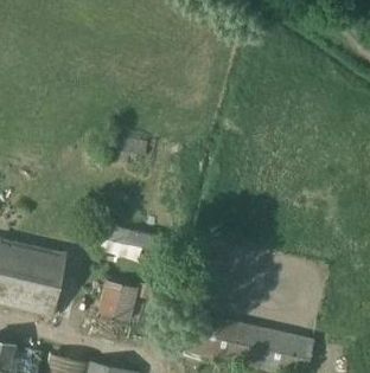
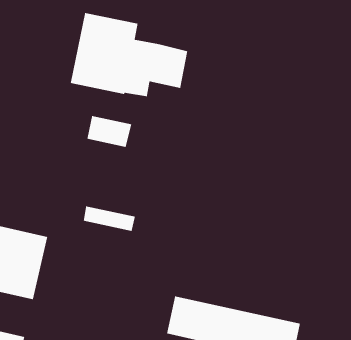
building: none -> [70,12,188,97]
building: [100,279,138,320] -> none

